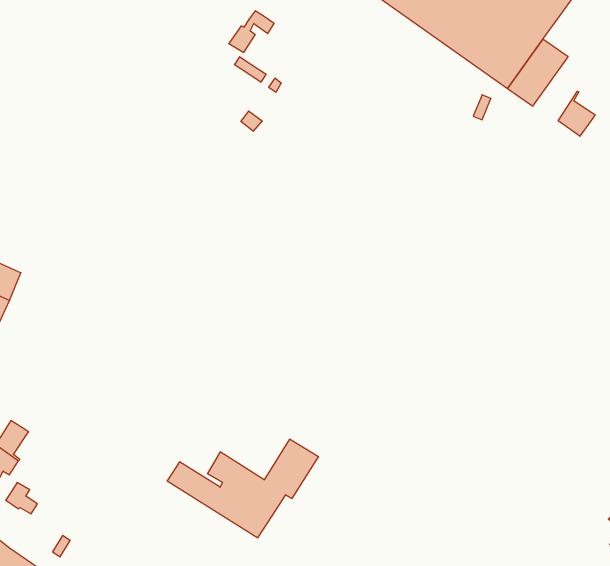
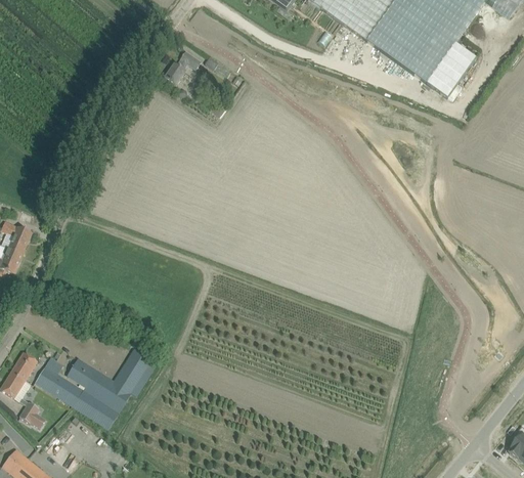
building: [229,11,274,52] -> [164,50,201,84]
building: [558,91,595,136] -> none
building: [167,439,319,538] -> [35,347,158,427]

